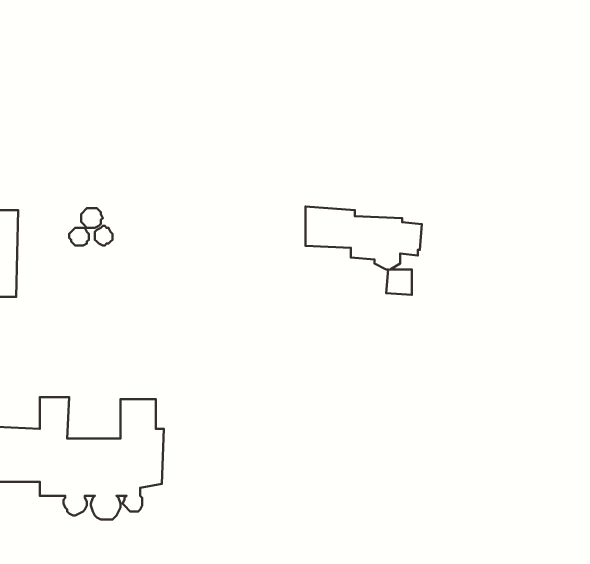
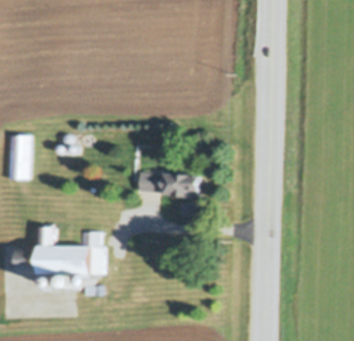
building: [306,206,422,295] -> [142,169,201,215]

